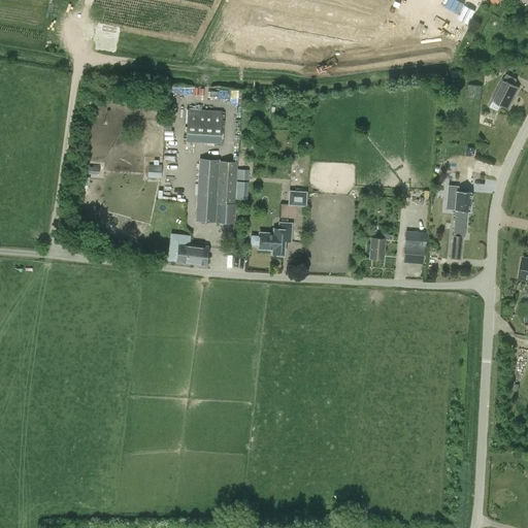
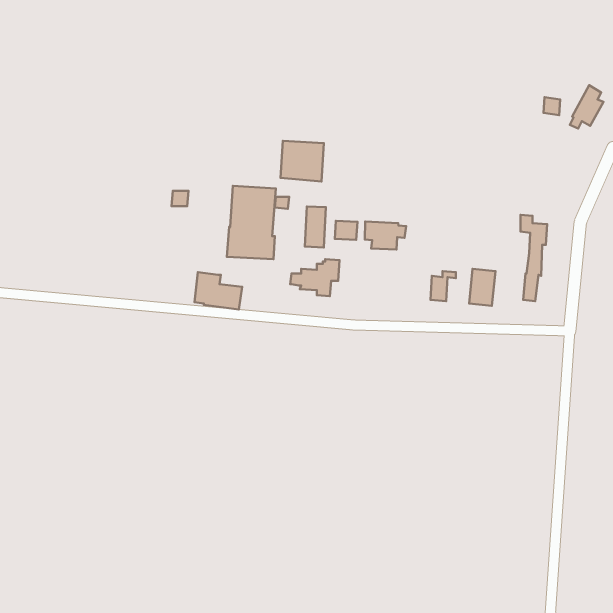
building: [186,108,223,143] -> [281,141,324,182]
building: none -> [305,206,326,248]
building: none -> [365,221,406,250]

